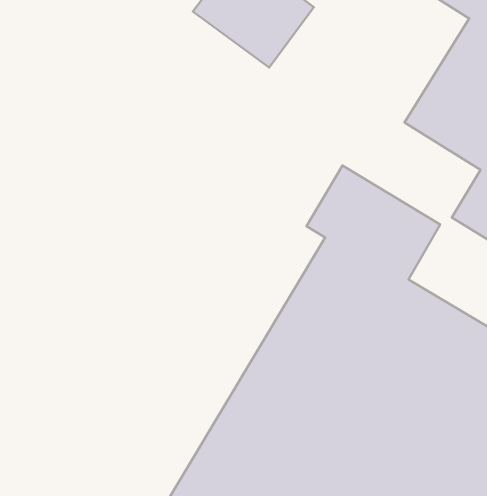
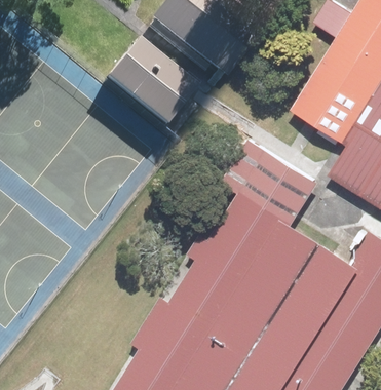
building: none -> [101,37,192,125]

